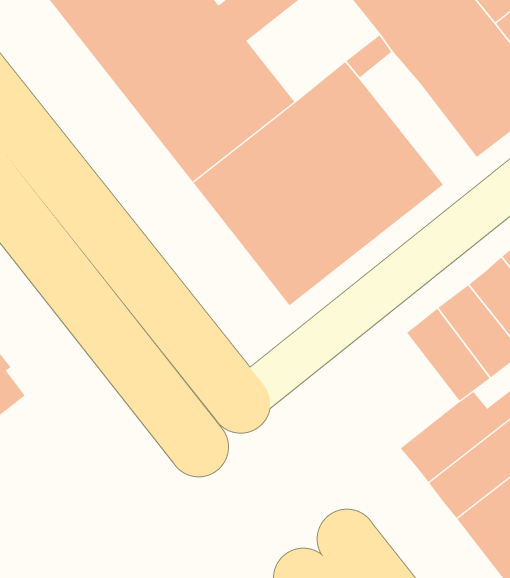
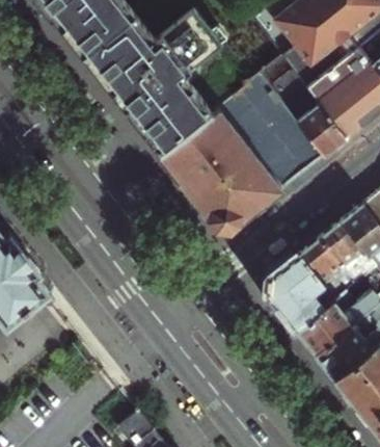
building: none -> [288,88,349,156]
building: none -> [270,255,337,332]

